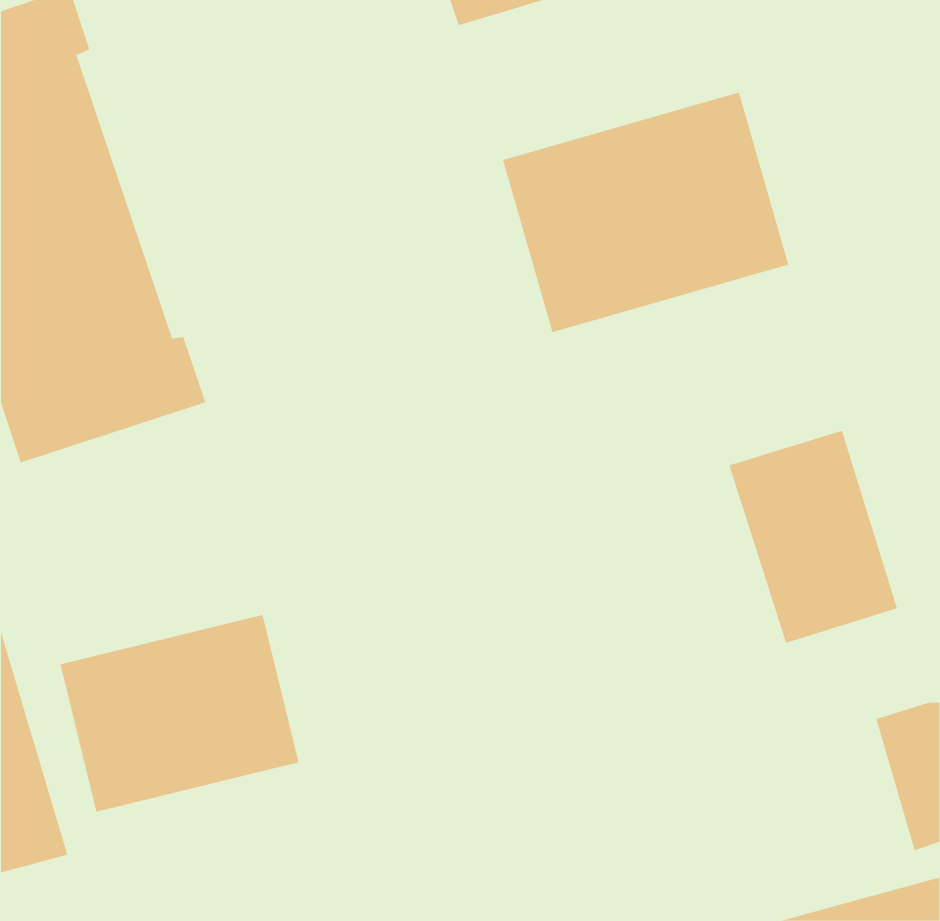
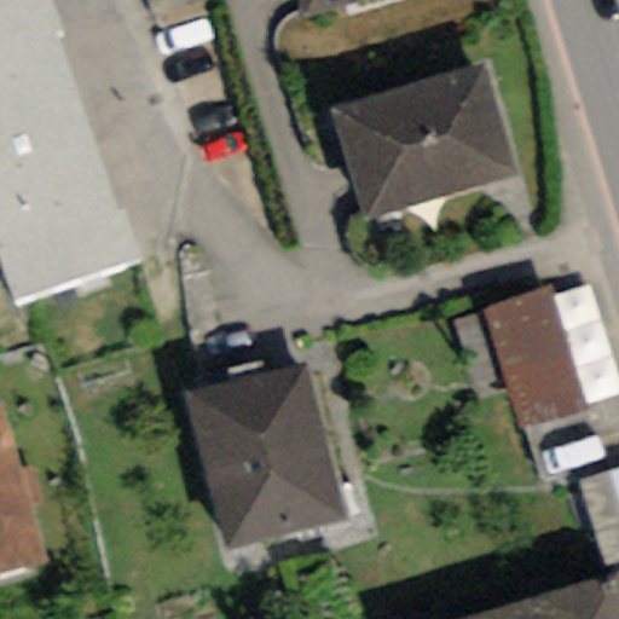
building: none -> [187,360,345,548]
building: [60,614,299,813] -> none

